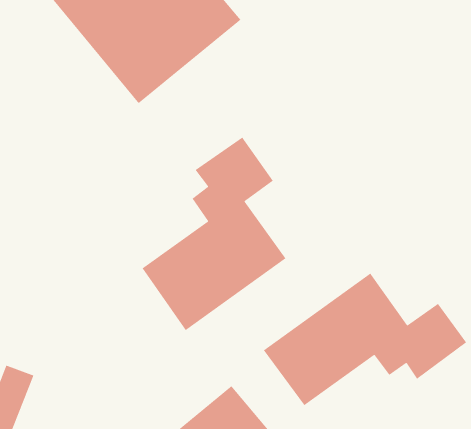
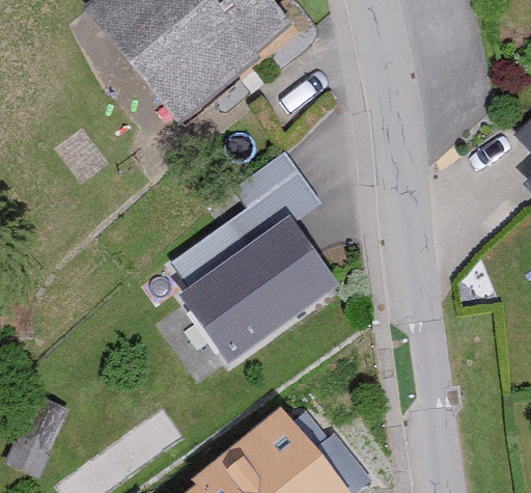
building: [263,273,467,406] -> none

